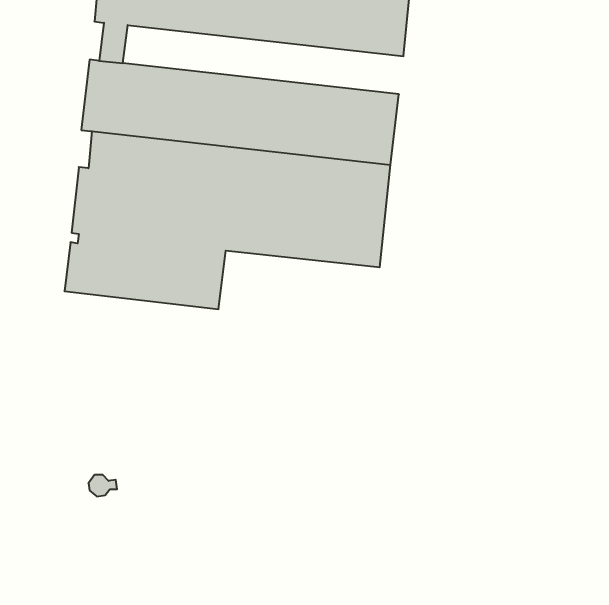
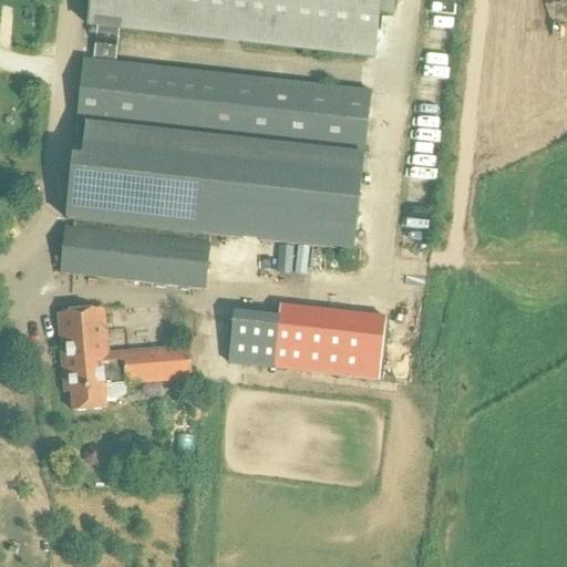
building: none -> [227,301,385,380]
building: none -> [56,307,192,409]

